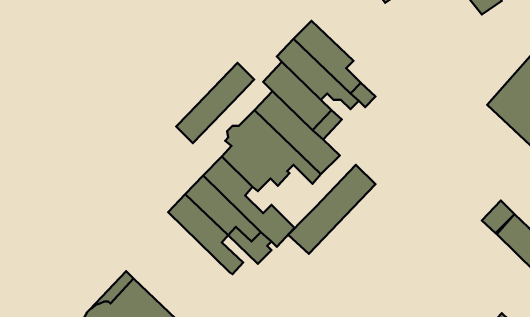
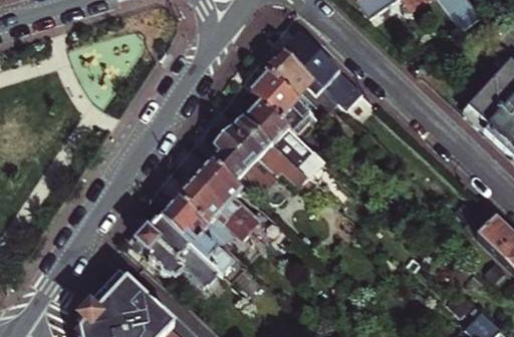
building: [176,63,254,143] -> none
building: [288,165,375,254] -> none
building: none -> [142,214,220,290]

